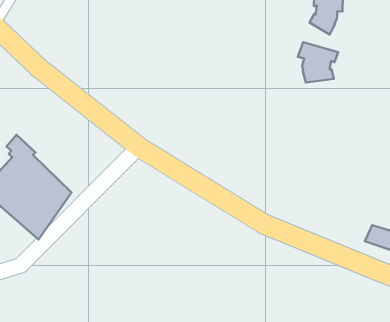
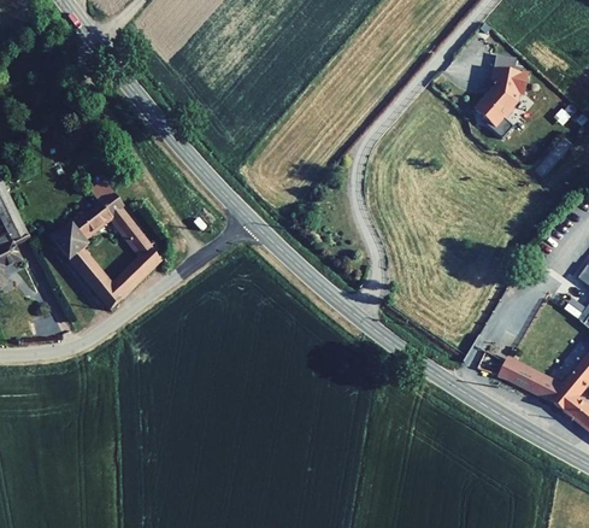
building: [298,42,338,82] -> none

